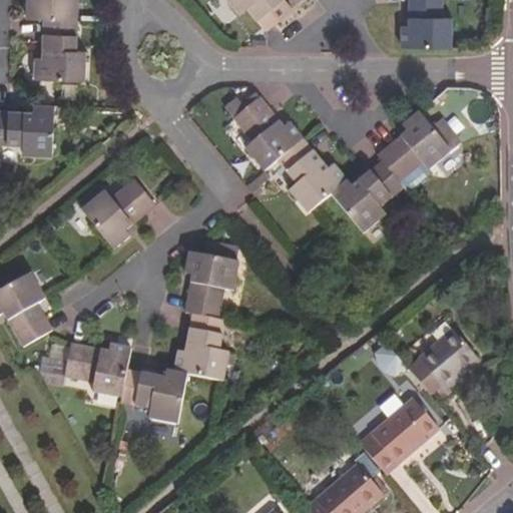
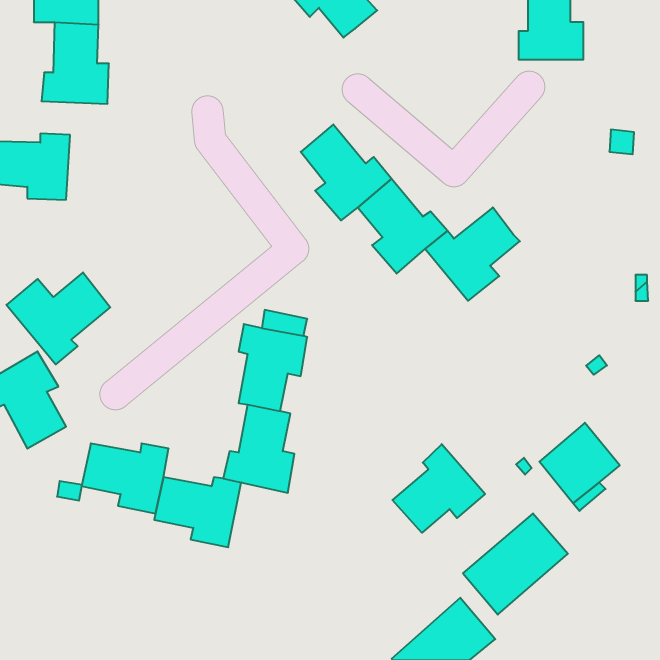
building: [376,110,461,181] -> none
building: [74,177,154,248] -> [6,272,110,364]
building: none -> [392,444,485,533]

